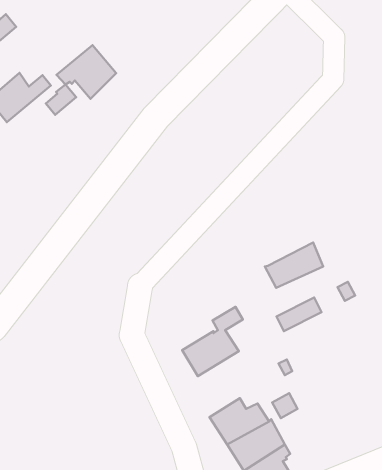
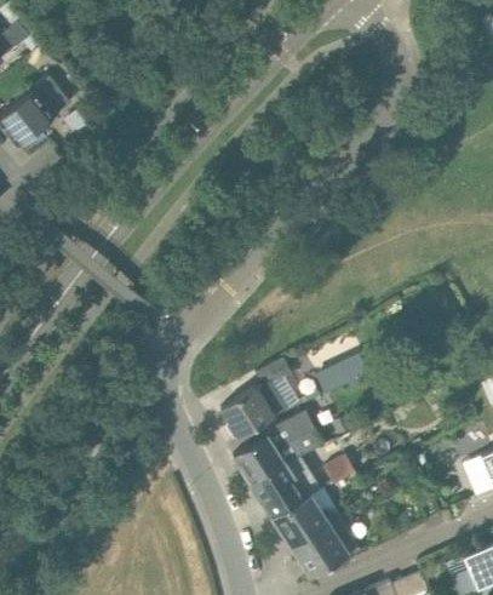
building: [57,45,116,99] -> none
building: [265,242,323,288] -> none
building: none -> [233,417,322,486]

